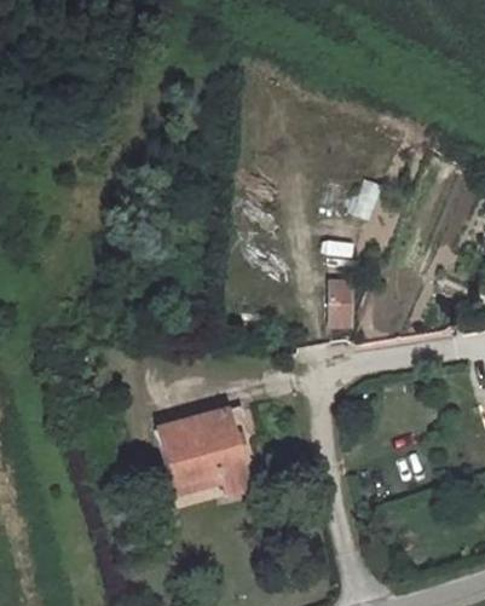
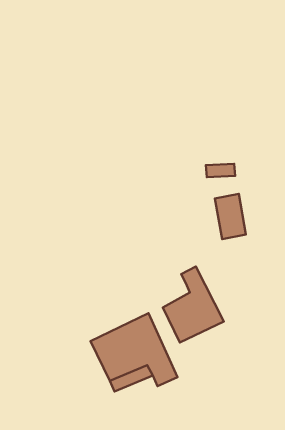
building: none -> [163,267,224,342]

